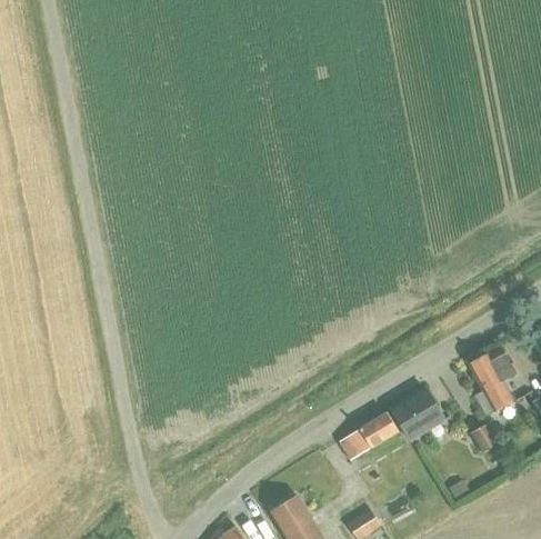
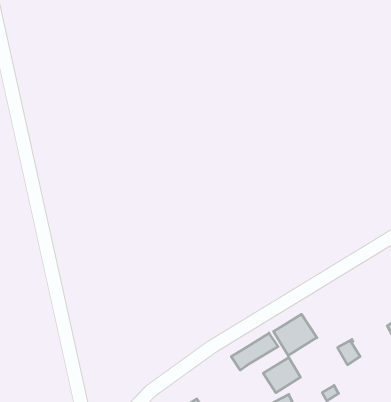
building: [470,347,515,416] -> none
building: none -> [263,357,300,393]

